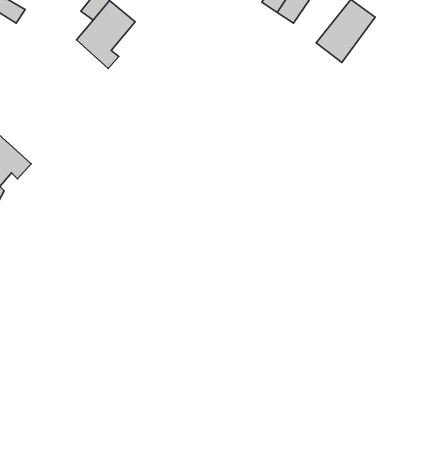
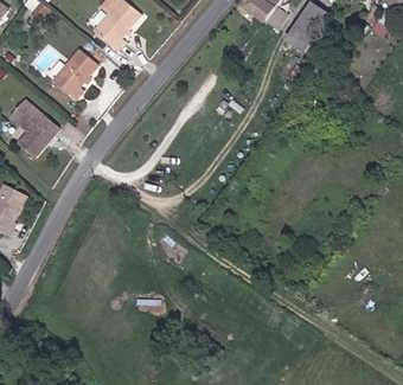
building: none -> [55,53,100,105]

